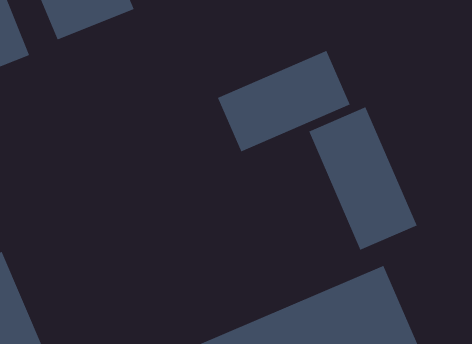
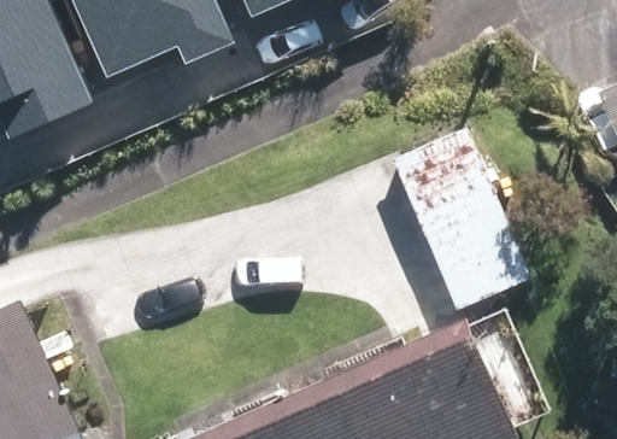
building: [217,50,351,153] -> none

